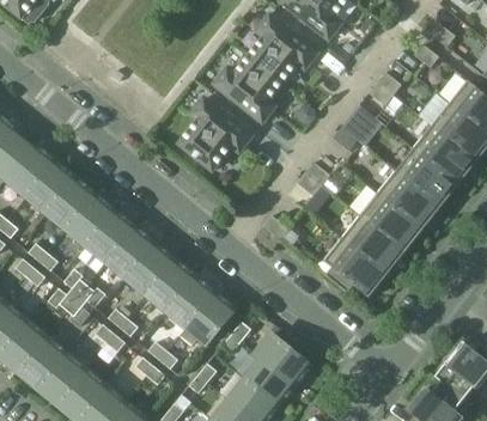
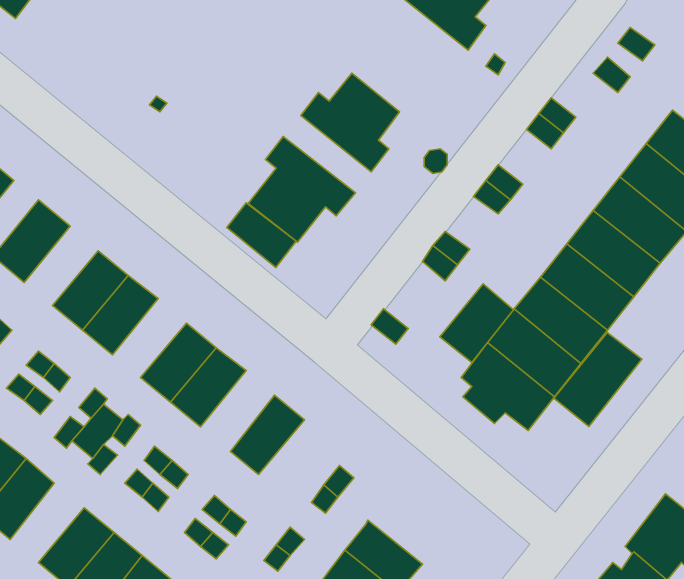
building: [248,14,316,81] -> none
building: none -> [227,203,296,268]
building: [25,159,75,213] -> none
building: none -> [440,284,513,362]
building: [85,208,135,262] -> none
building: none -> [554,332,642,427]
building: [145,257,195,312] -> none
building: [184,291,237,346] -> none
building: [251,332,312,389] -> none
building: [16,334,66,388] -> none

